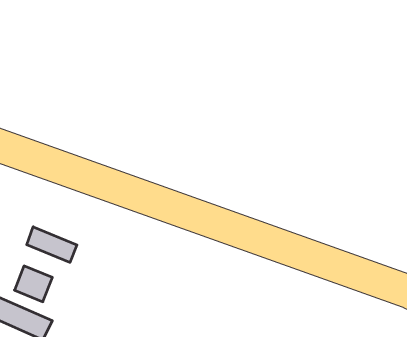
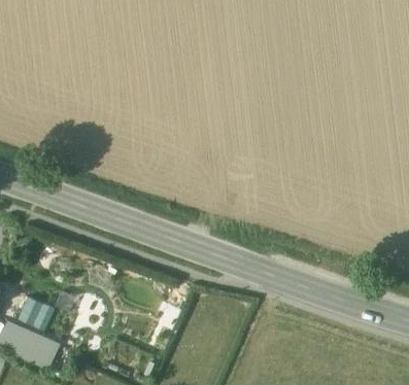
building: [27,227,77,262] -> none

